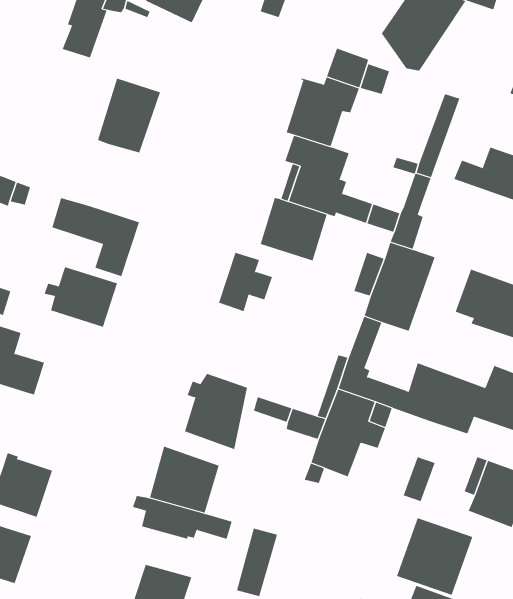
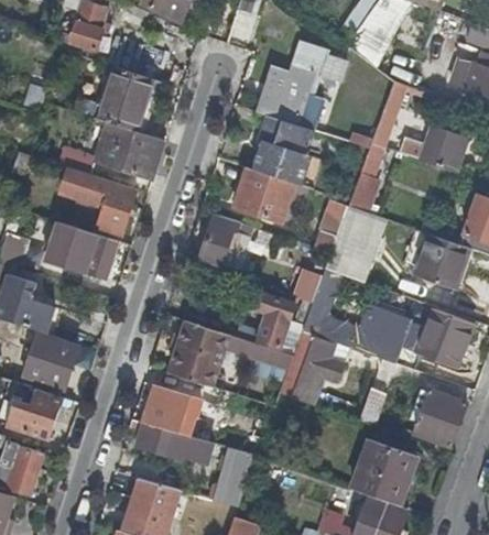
building: none -> [59,123,164,178]
building: none -> [256,298,293,348]
building: none -> [28,334,78,390]

